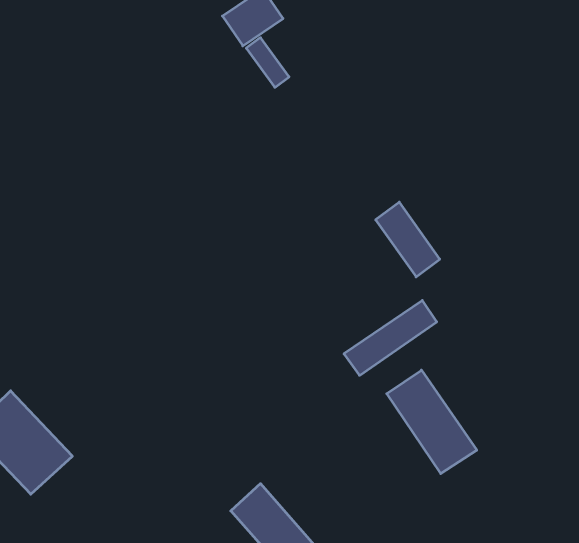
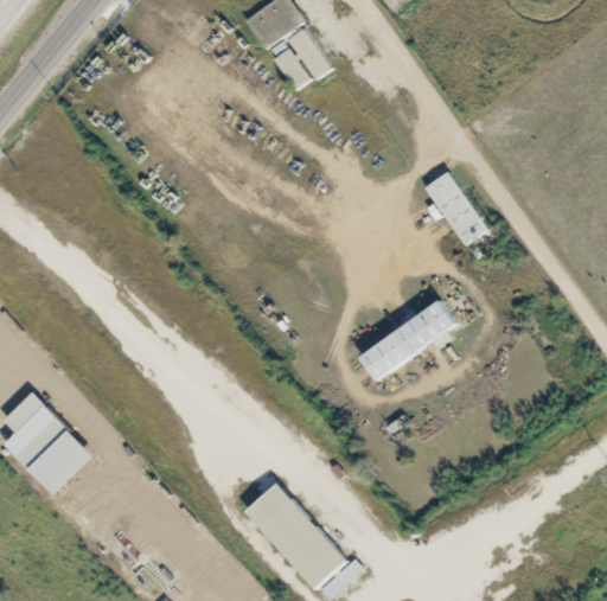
building: none -> [287,27,328,81]
building: [376,202,440,277] -> [424,170,488,244]
building: [387,370,477,474] -> none

